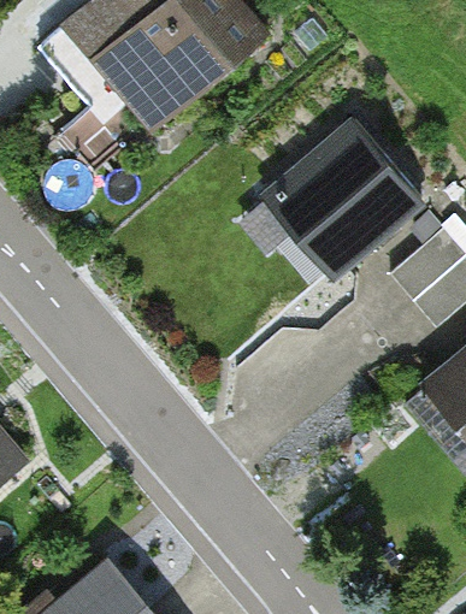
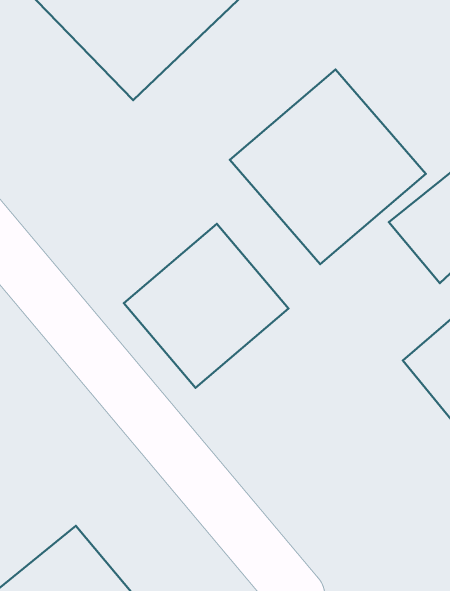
building: none -> [124,224,288,388]

